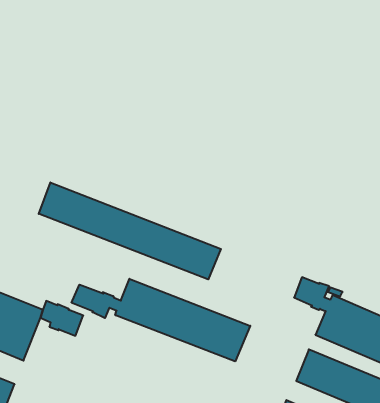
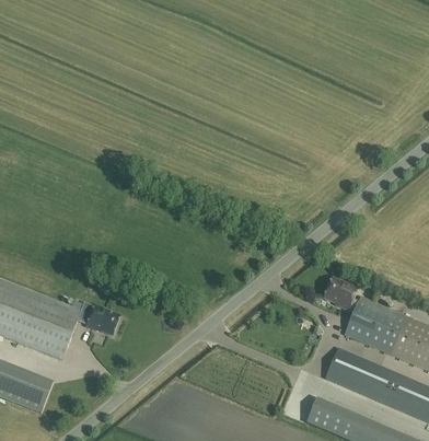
building: [39,182,221,279] -> none
building: [72,279,250,361] -> none

